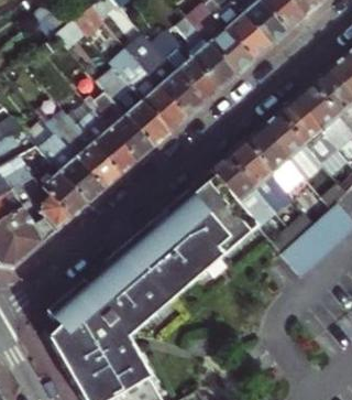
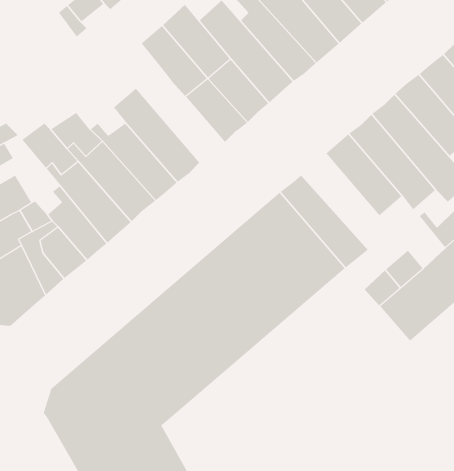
building: [100,80,169,149] -> none
building: [224,142,289,212] -> none

